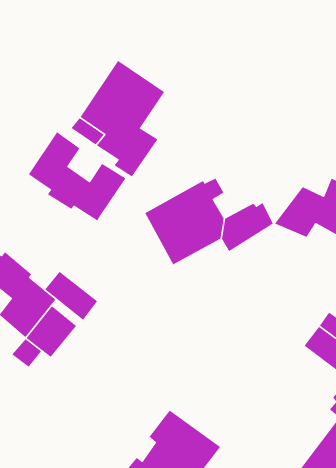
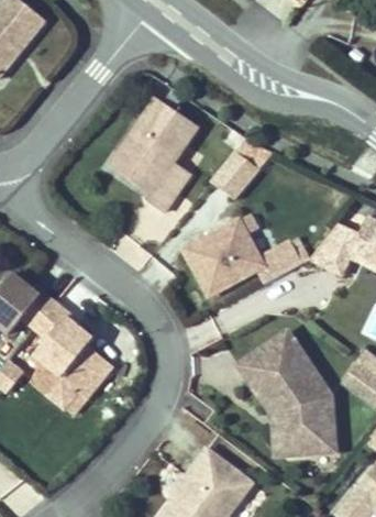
building: none -> [210,151,261,202]
building: [28,131,127,221] -> none
building: [44,271,98,321] -> none
building: none -> [235,329,339,460]

